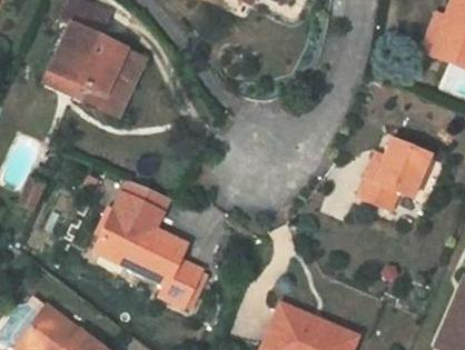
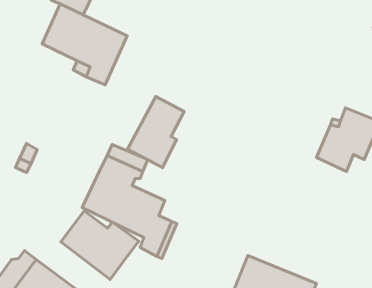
building: none -> [128,97,184,168]
building: none -> [61,211,139,279]

